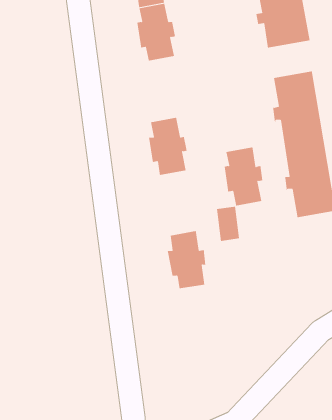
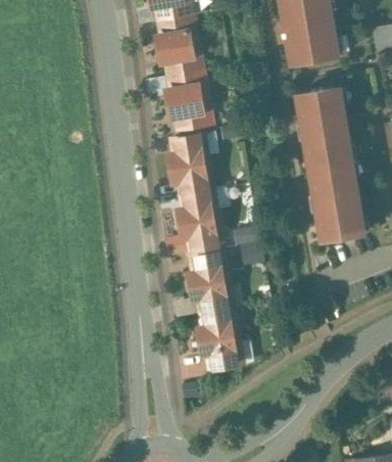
building: none -> [165,72,206,132]
building: [224,147,263,206] -> [178,190,218,251]
building: none -> [197,309,239,369]

